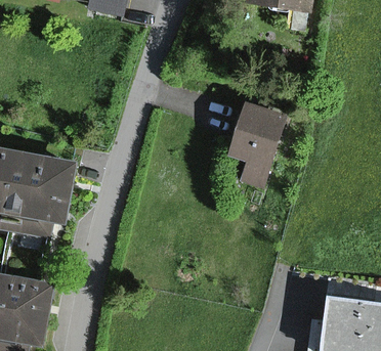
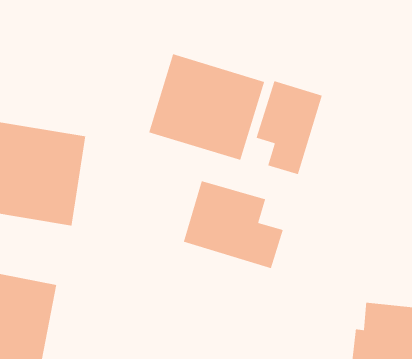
building: none -> [148,53,265,161]
building: none -> [183,180,284,269]

